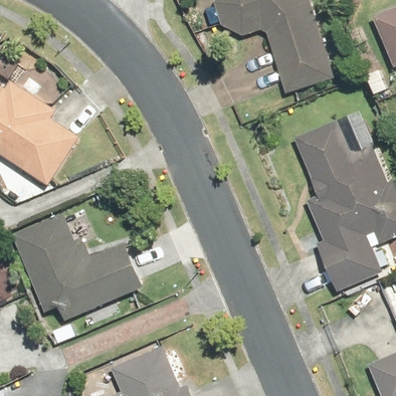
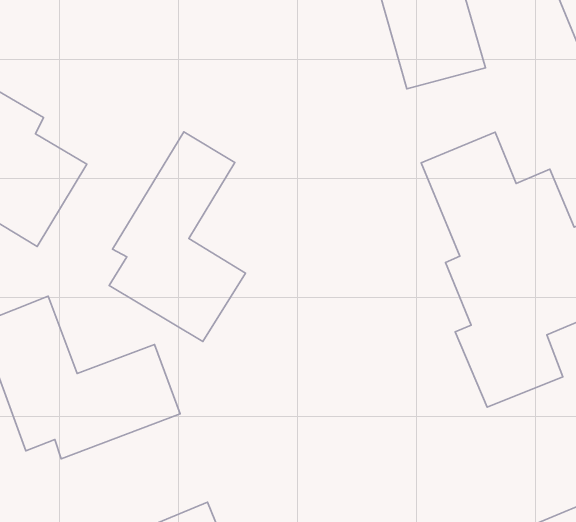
building: none -> [109,132,245,341]

